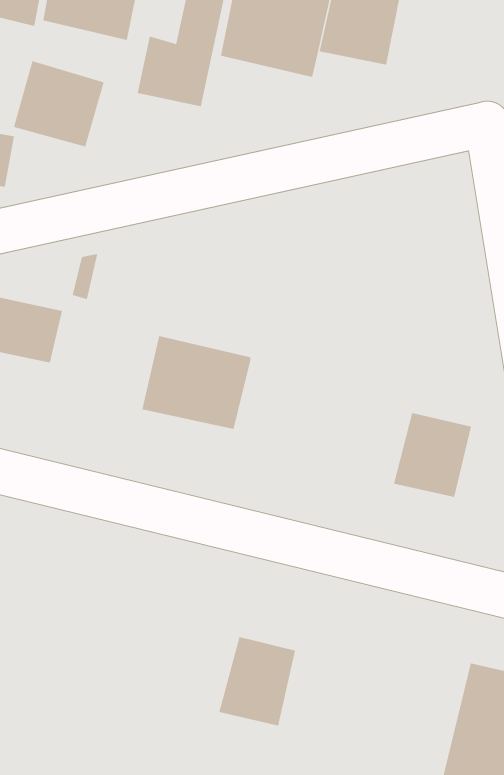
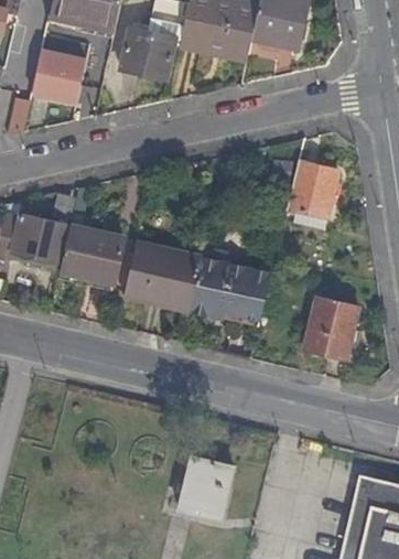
building: none -> [288,161,341,217]
building: none -> [62,226,125,282]
building: none -> [190,260,270,320]

